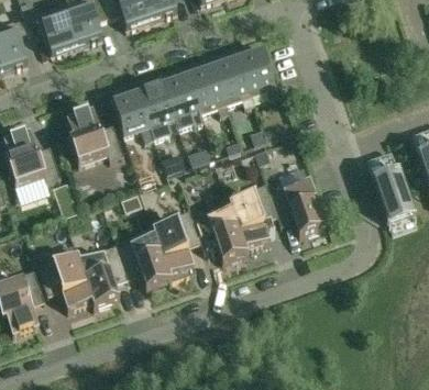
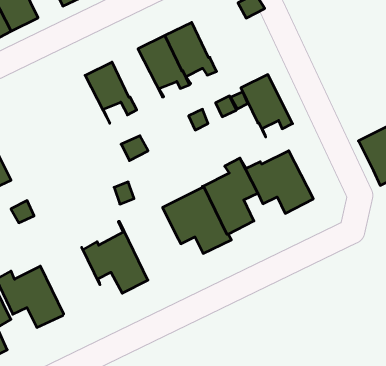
building: [238,46,279,101] -> [241,75,293,137]
building: [163,73,204,121] -> none
building: [112,90,154,138] -> none
building: [66,105,123,161] -> none
building: [152,208,200,278] -> none
building: [77,242,128,305] -> none

